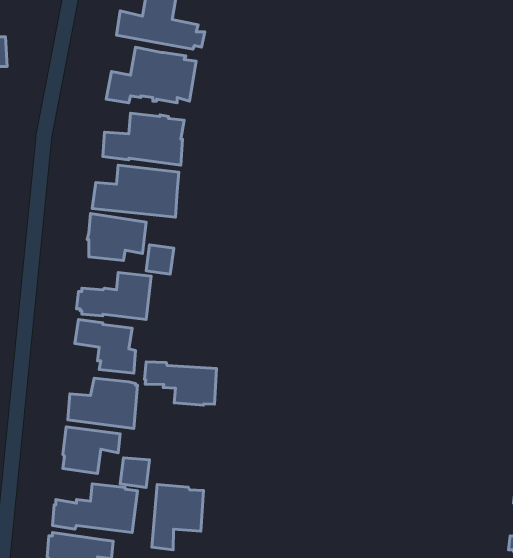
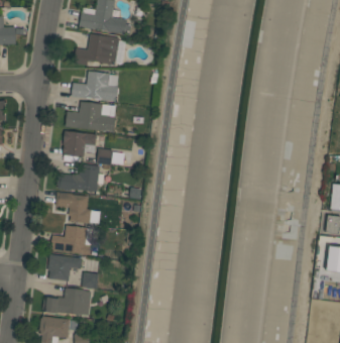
building: [144,362,217,405] -> none
building: [152,485,203,550] -> none

